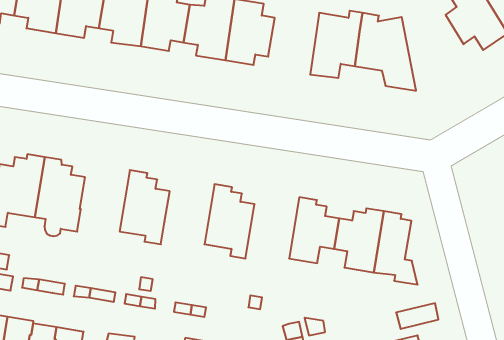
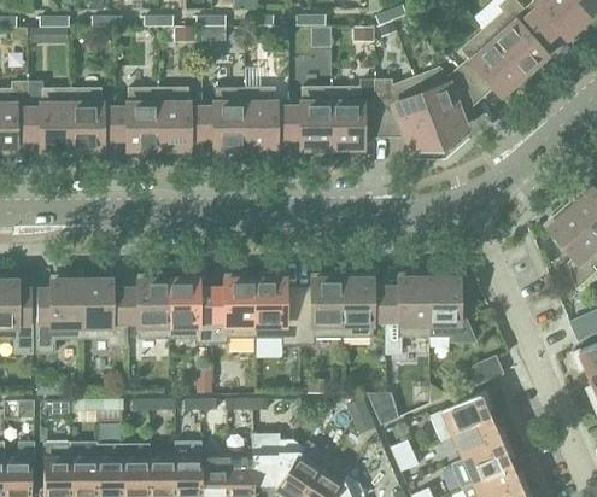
building: none -> [288,87,333,150]
building: none -> [415,68,481,148]
building: none -> [125,275,169,338]
building: none -> [212,275,256,344]
building: none -> [299,274,343,344]

